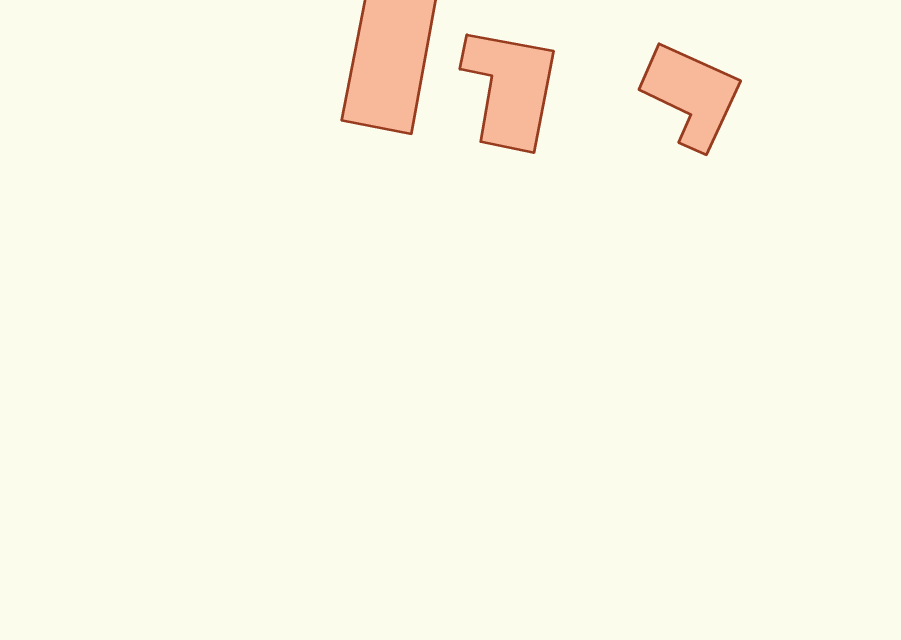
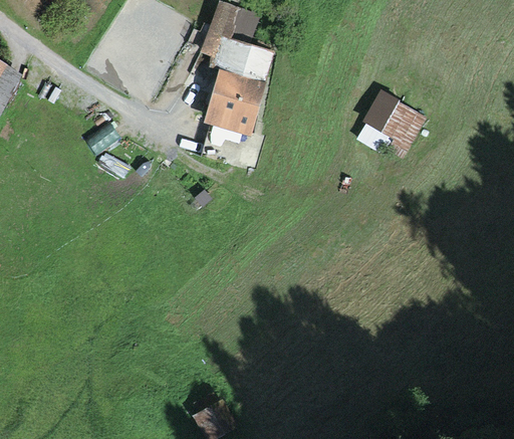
building: [460,35,553,153] -> none

